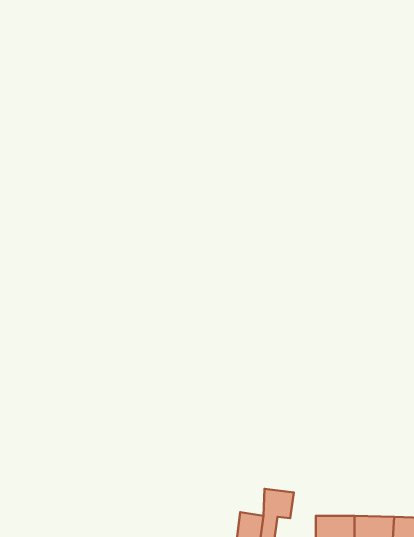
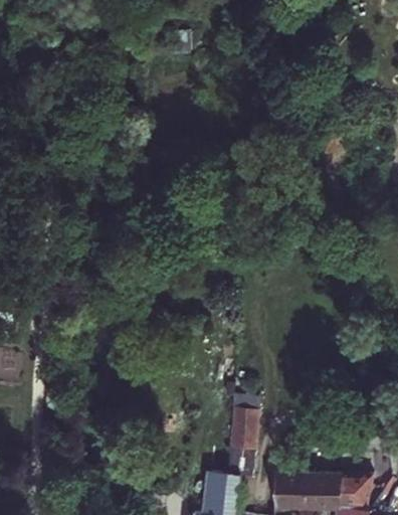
building: none -> [230,409,261,452]

